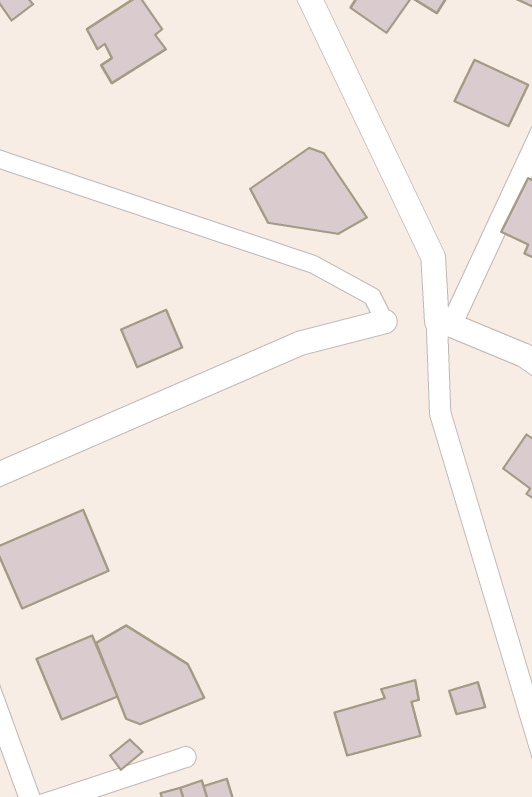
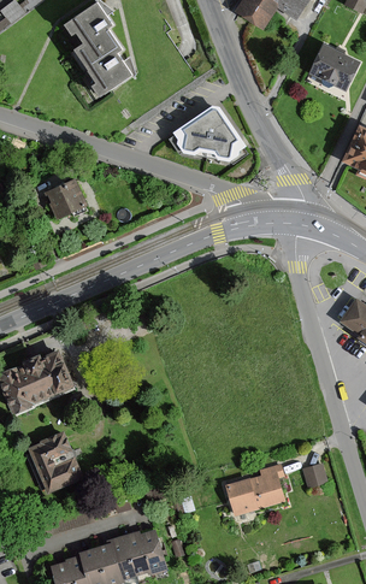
building: none -> [78,39,131,100]
building: [121,310,182,367] -> [46,178,87,217]
building: [96,626,204,724] -> none

